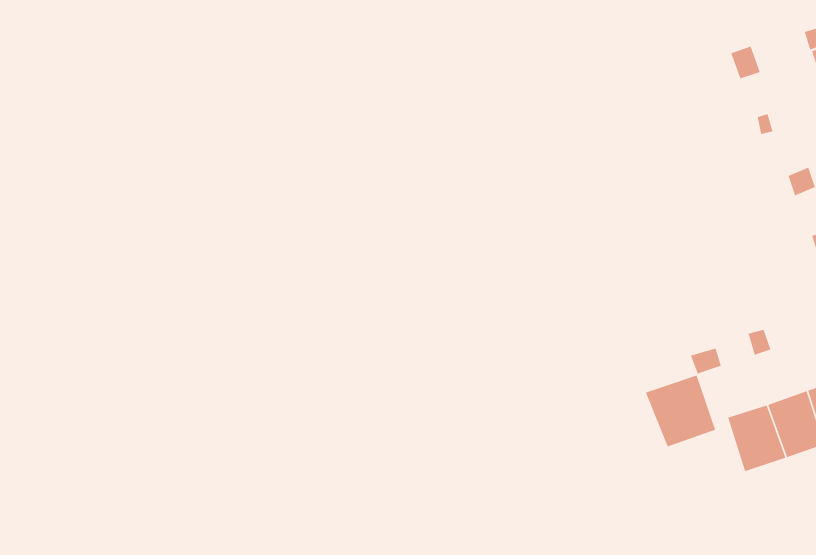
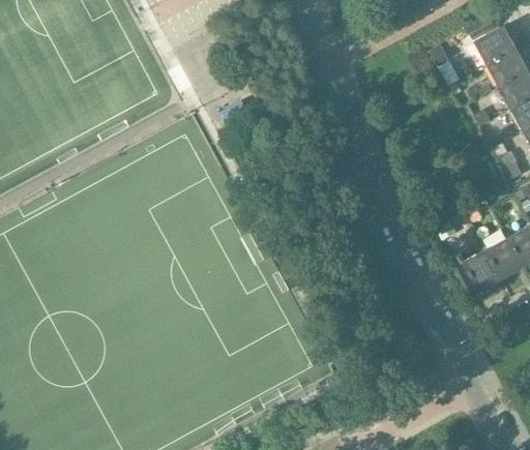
building: [645,374,716,448] -> none

